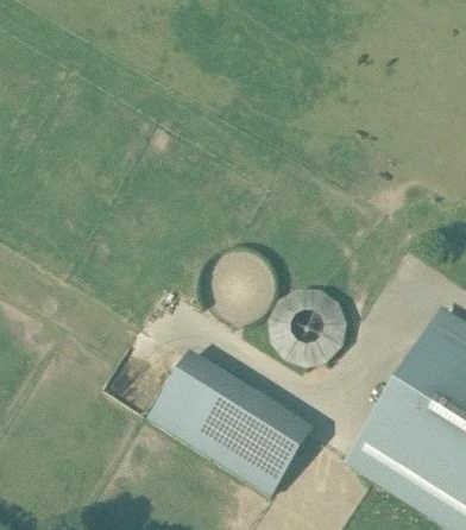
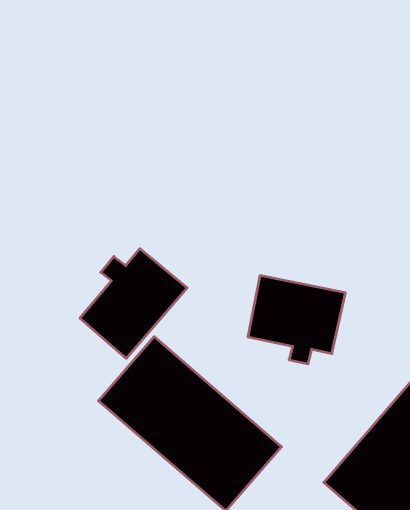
building: none -> [80,249,187,358]

